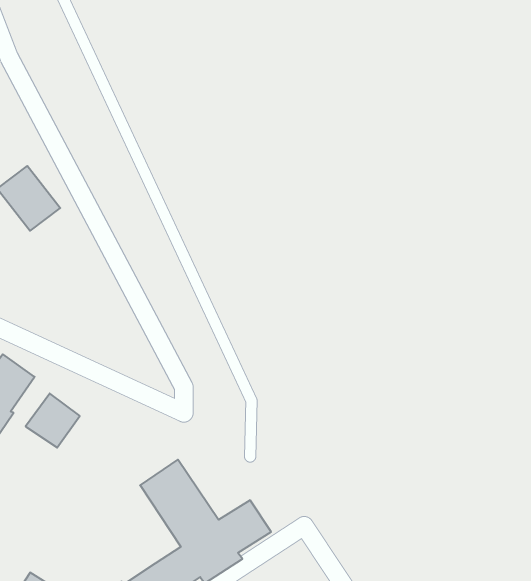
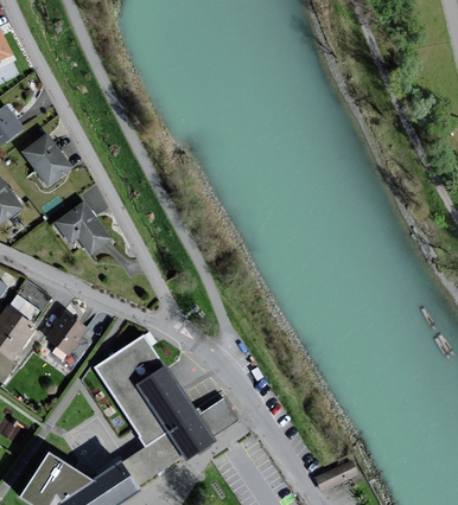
building: none -> [56,202,112,254]
building: none -> [96,335,166,447]

